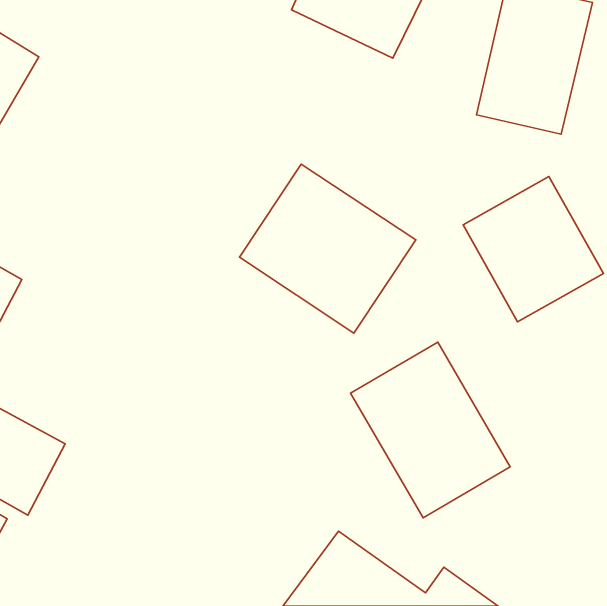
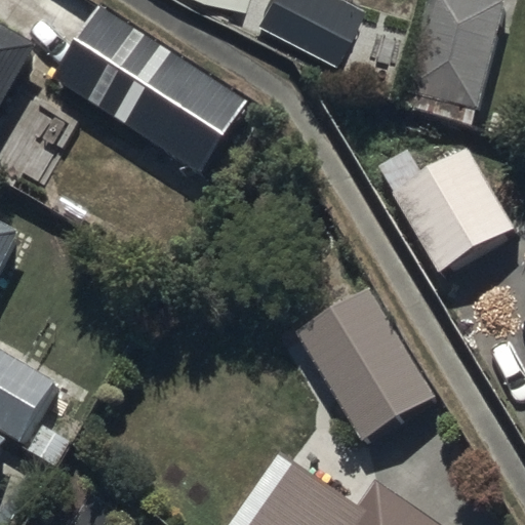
building: none -> [53,7,251,178]
building: [239,164,416,333] -> none

